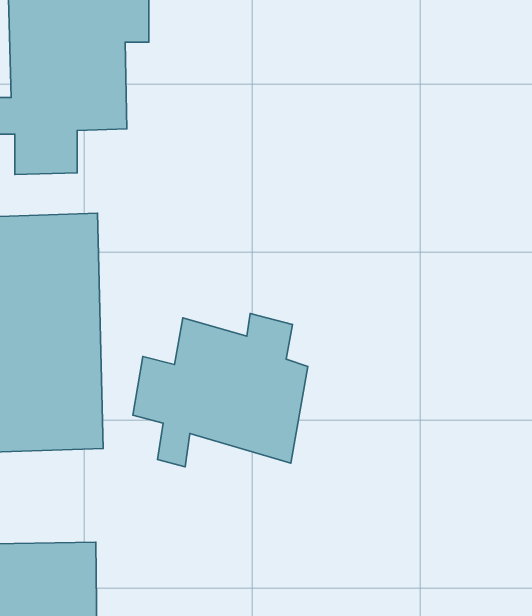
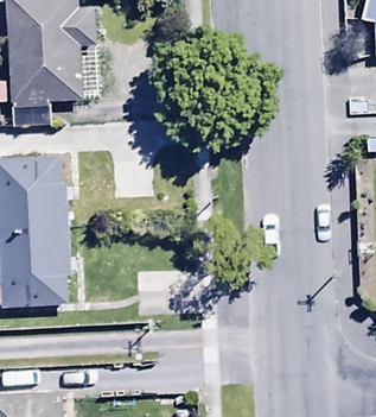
building: [133,314,308,467] -> none

